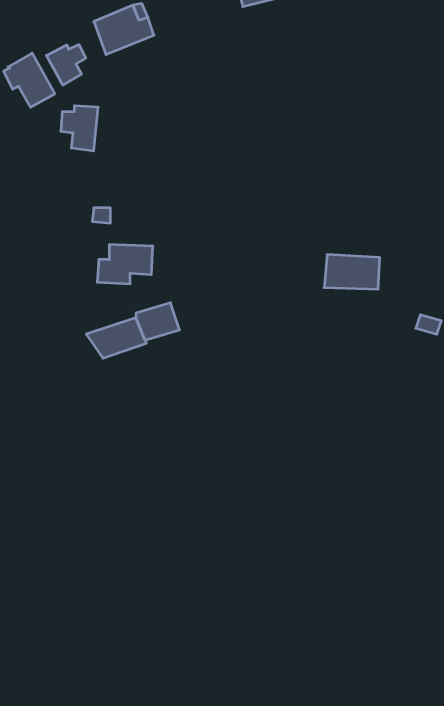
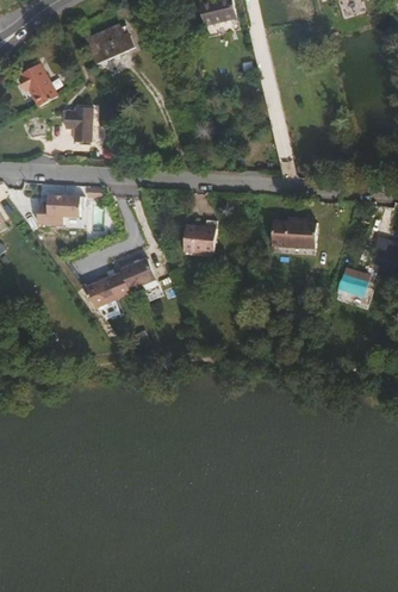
building: [46,45,86,85] -> none
building: [97,245,153,284] -> [36,192,80,223]
building: none -> [186,228,218,255]

